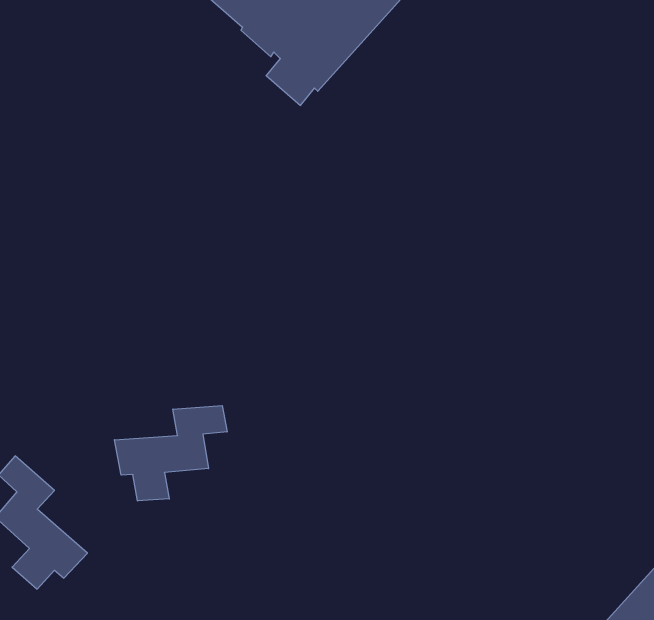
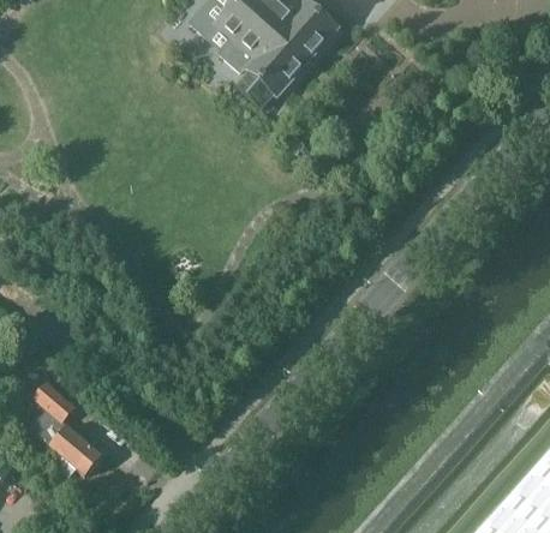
building: [114,406,227,501] -> none

